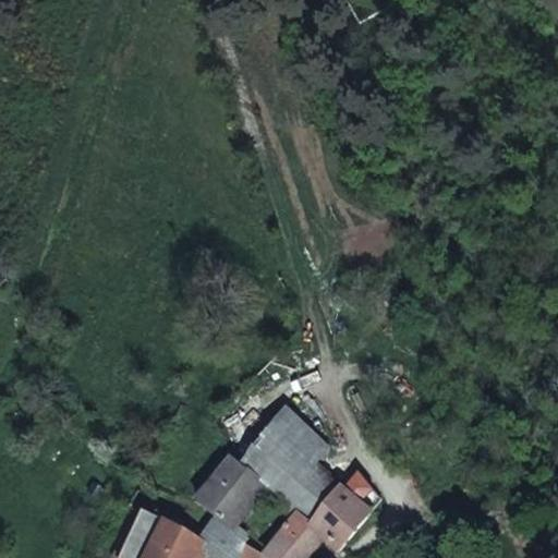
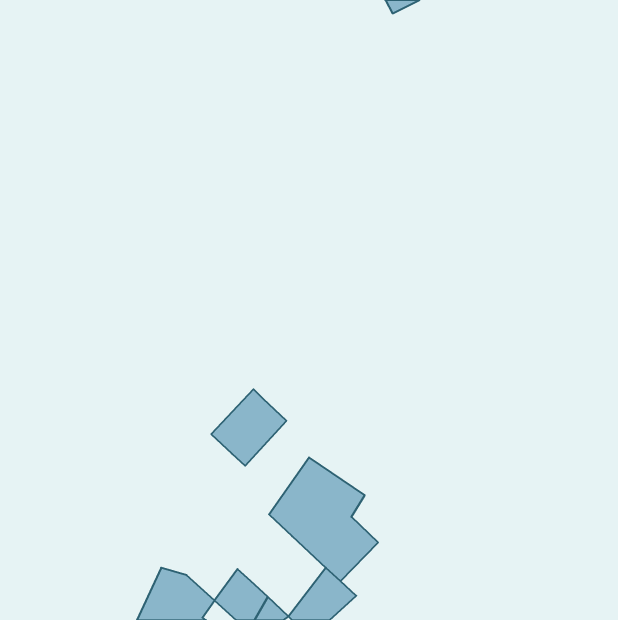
building: [196,453,264,522] -> [211,389,286,466]
building: [307,487,368,547] -> none

